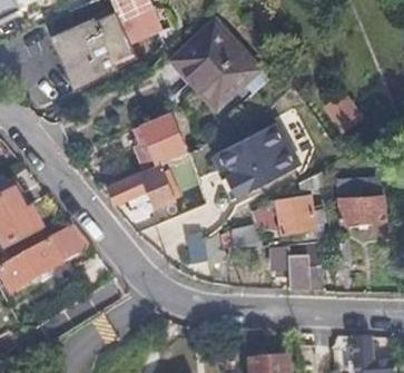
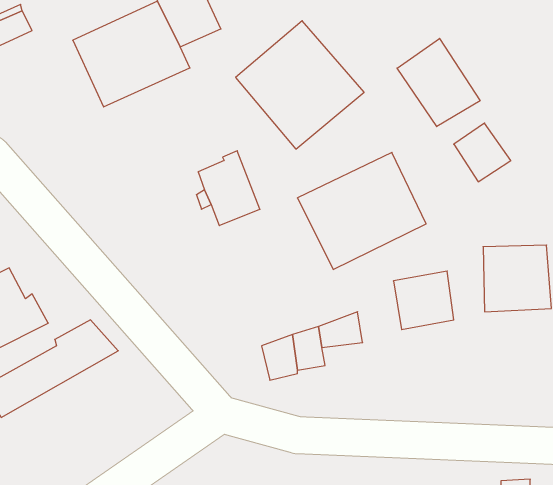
building: none -> [397,38,480,127]
building: [110,165,179,207] -> none
building: [273,241,327,287] -> none

